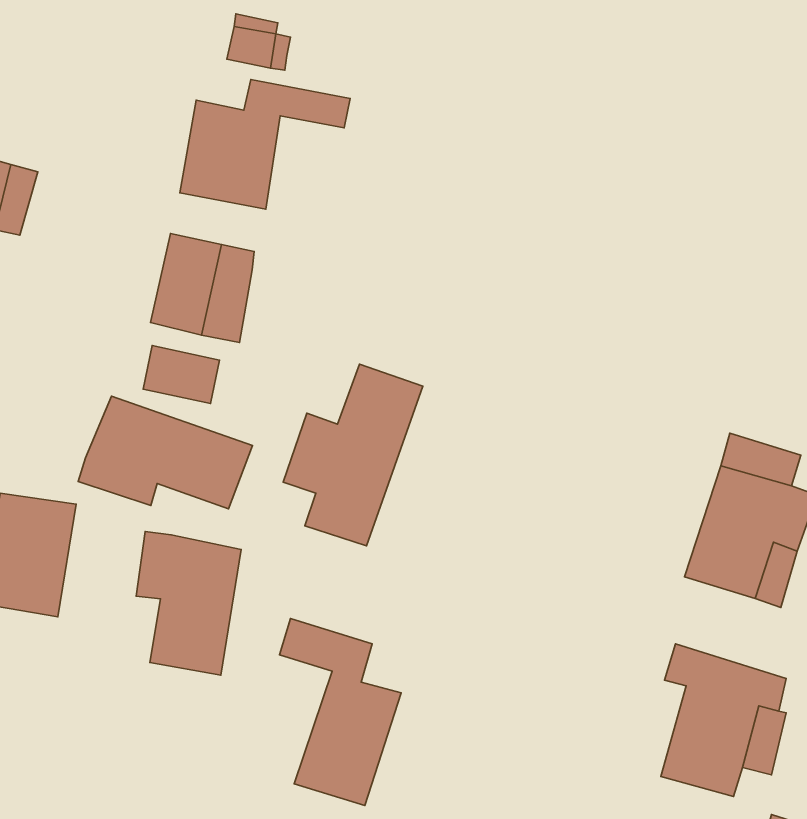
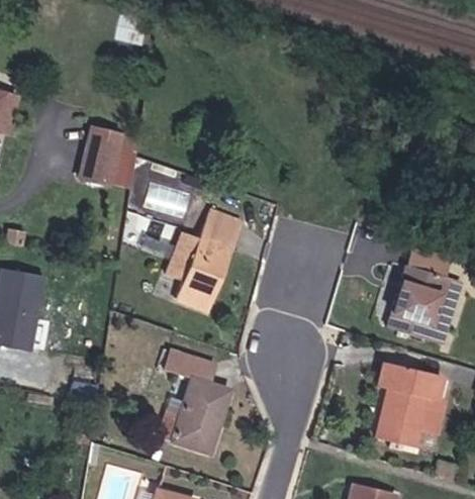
building: [180,80,350,209] -> none
building: [143,346,219,404] -> [142,178,185,210]
building: [78,396,252,509] -> none
building: [136,532,241,675] -> none

